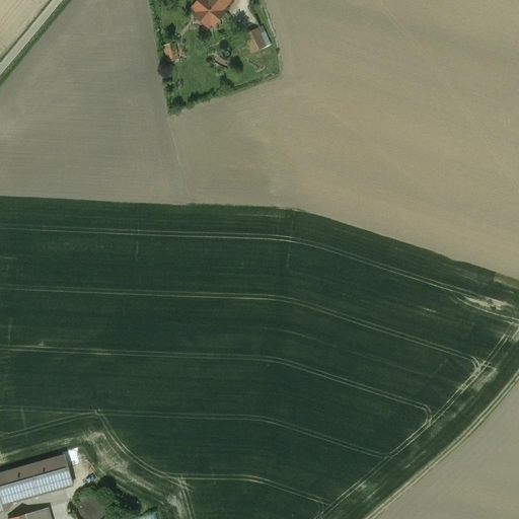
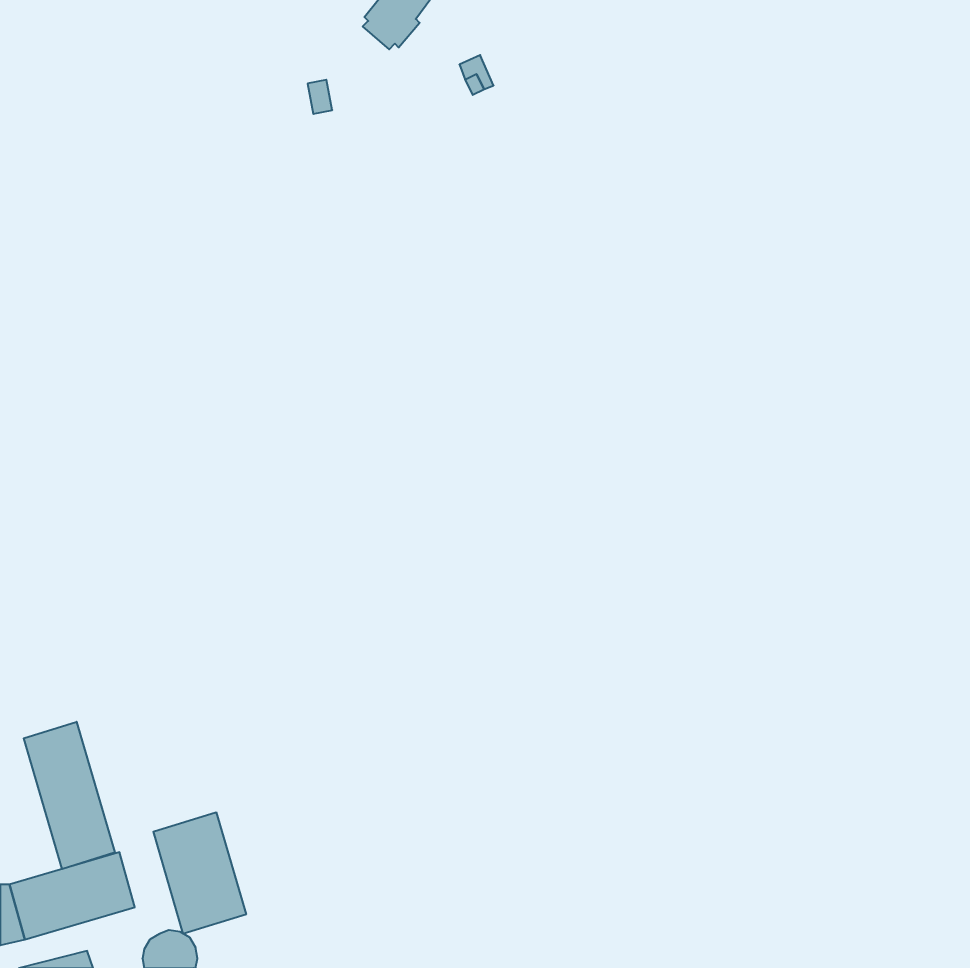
building: none -> [24,722,115,869]
building: none -> [153,812,246,934]

